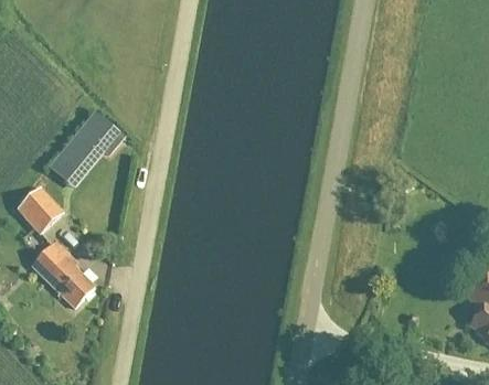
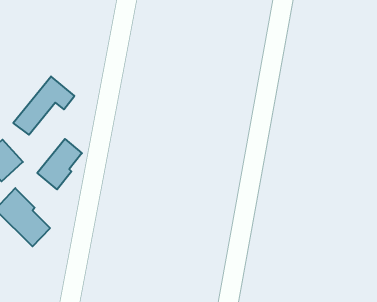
building: none -> [37,139,82,189]

